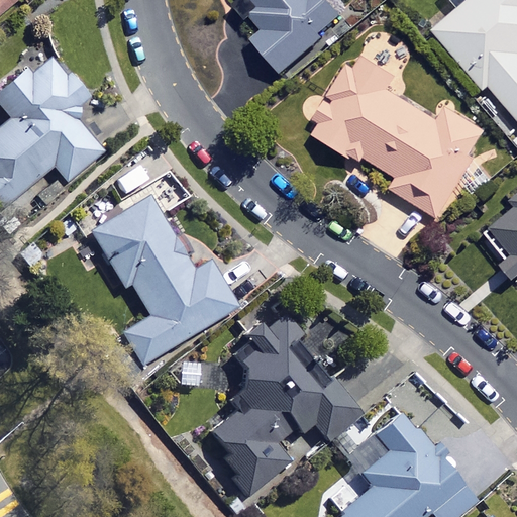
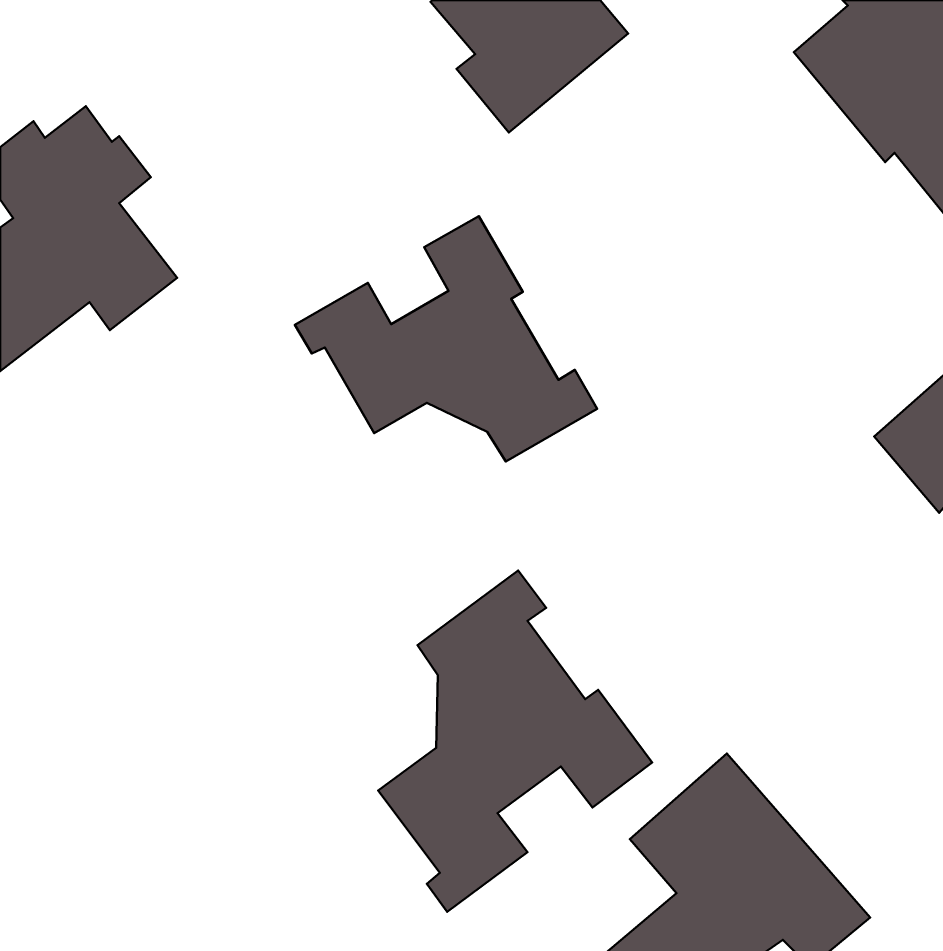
building: [308,50,486,217] -> none
building: none -> [295,216,597,462]
building: [91,197,236,364] -> none

